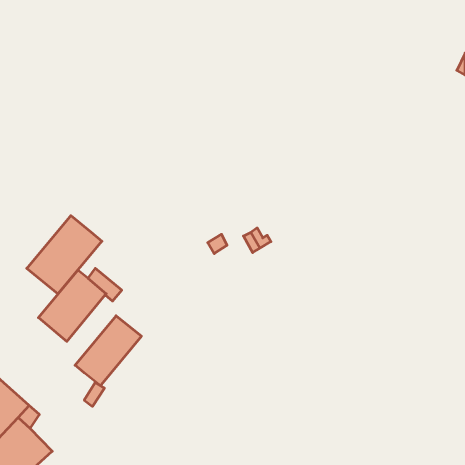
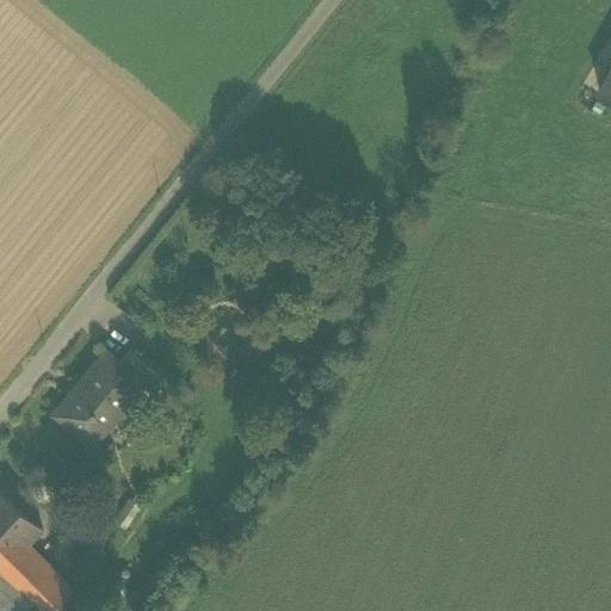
building: [27,216,102,294] -> none
building: [75,316,141,386] -> none

